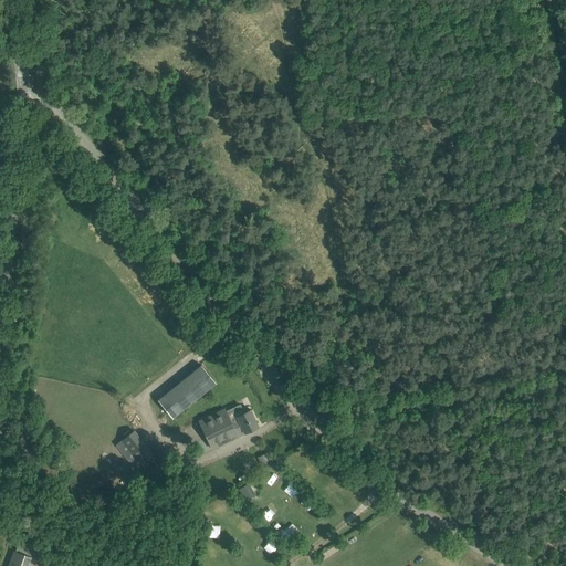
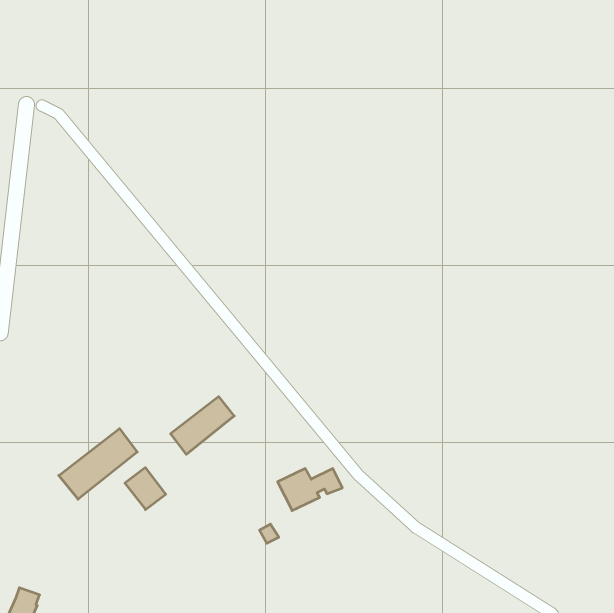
building: none -> [59,429,137,499]
building: [199,410,259,449] -> [278,469,342,511]

